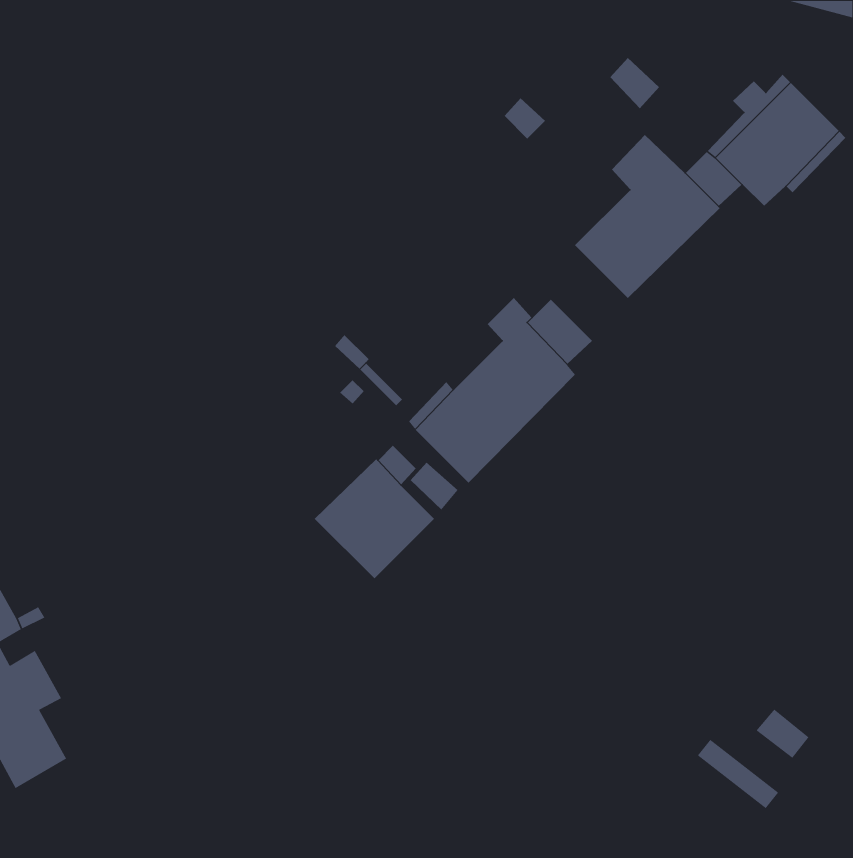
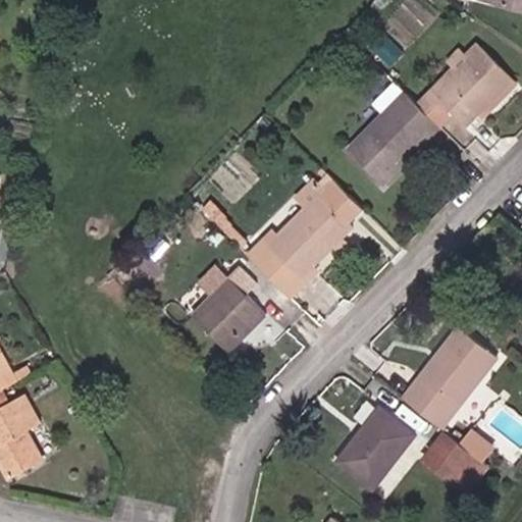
building: none -> [403,326,495,428]
building: none -> [336,407,413,488]
building: none -> [431,431,486,481]

